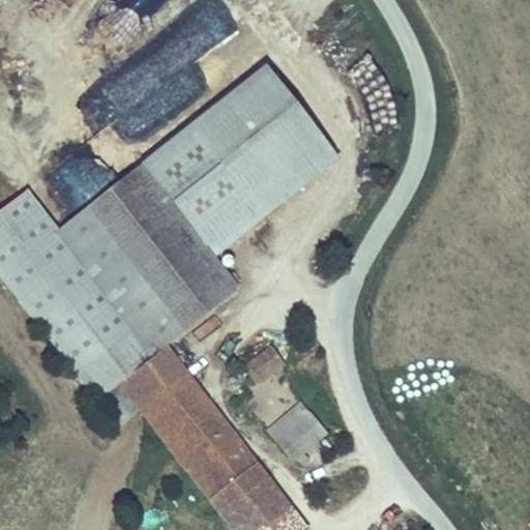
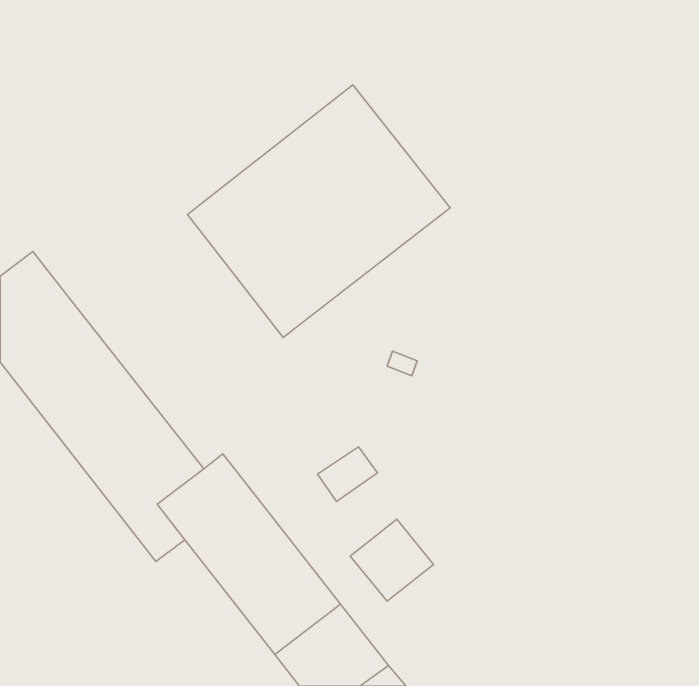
building: [55,163,240,355] -> none

